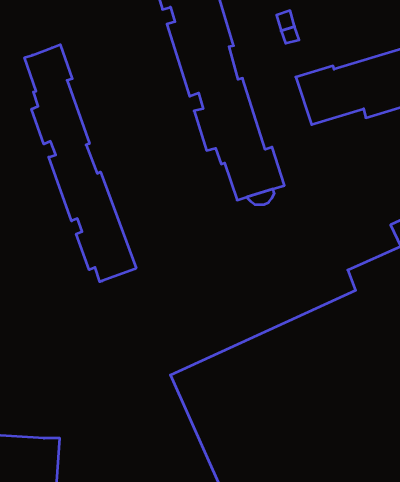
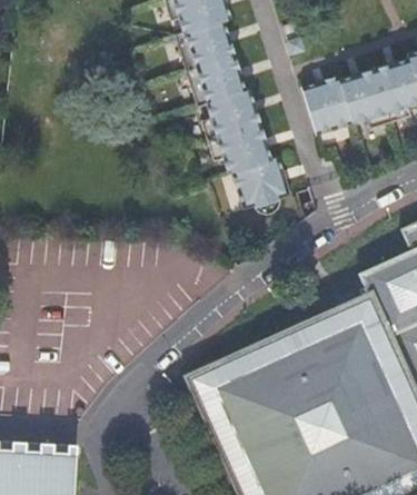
building: [25,45,136,282] -> none

